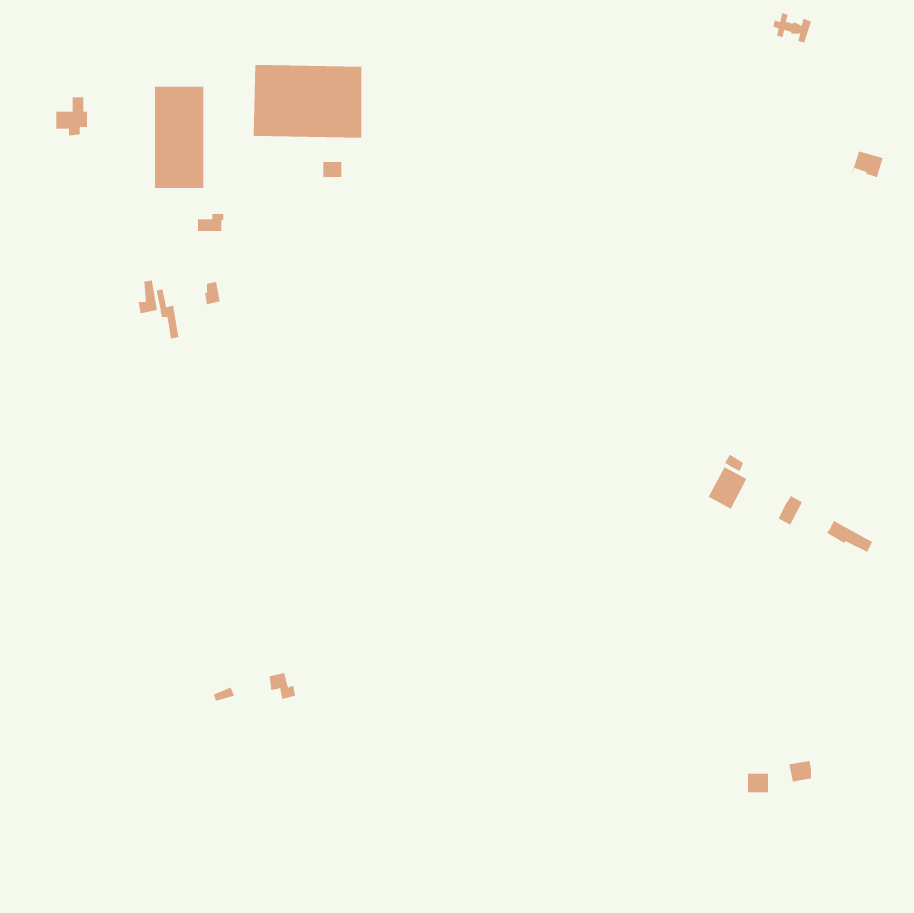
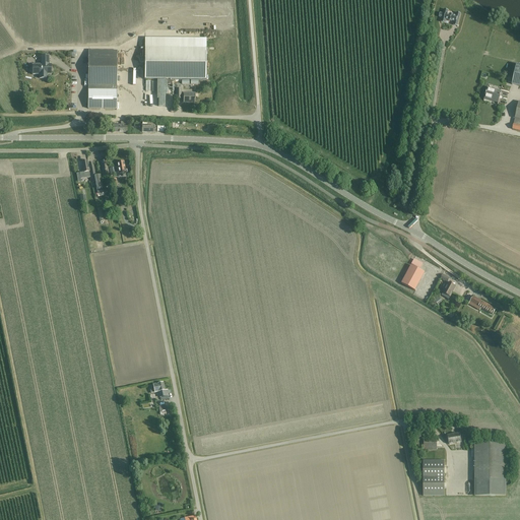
building: none -> [473,443,505,495]
building: none -> [422,459,444,495]

